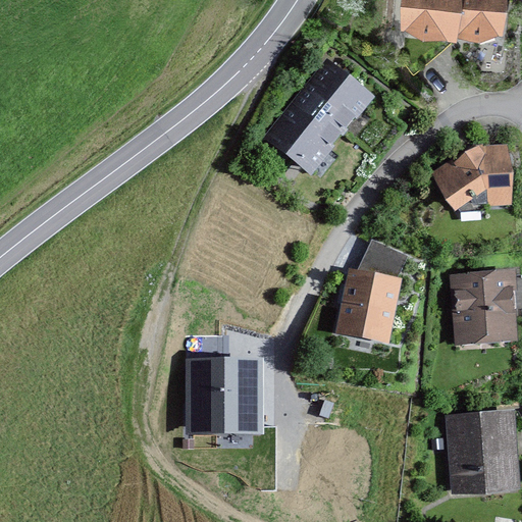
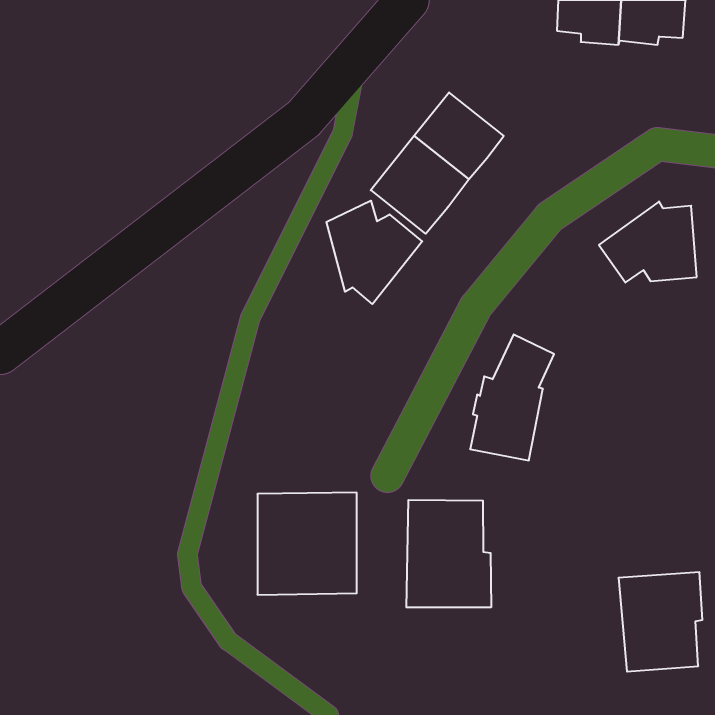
building: none -> [326,201,422,304]
building: [457,278,512,338] -> none
building: none -> [406,500,491,607]

